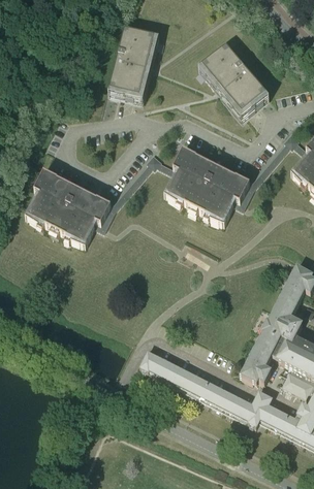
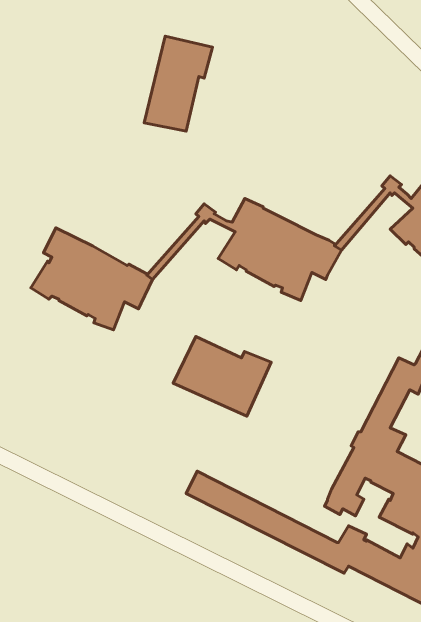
building: [198,45,265,116] -> none
building: none -> [173,337,271,416]

